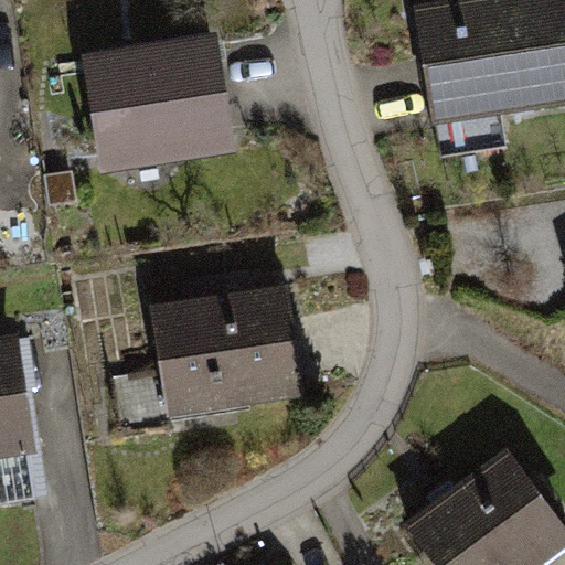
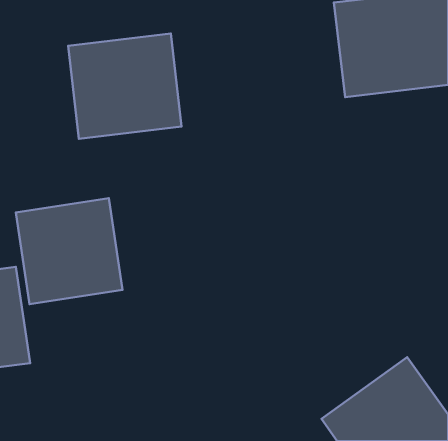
building: none -> [16,198,122,304]
building: [153,282,305,418] -> none

